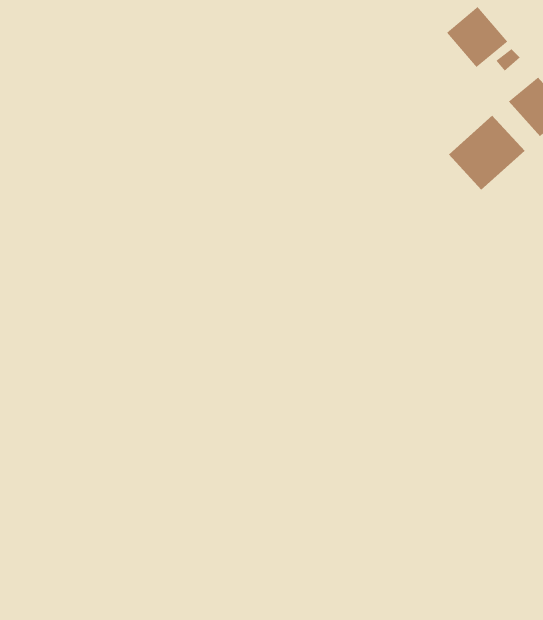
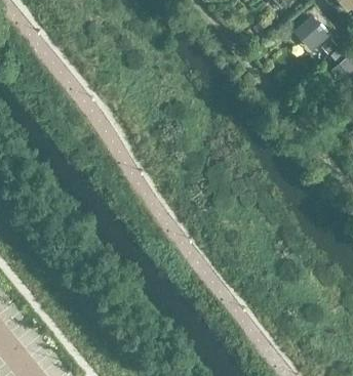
building: [448,115,525,190] -> none

